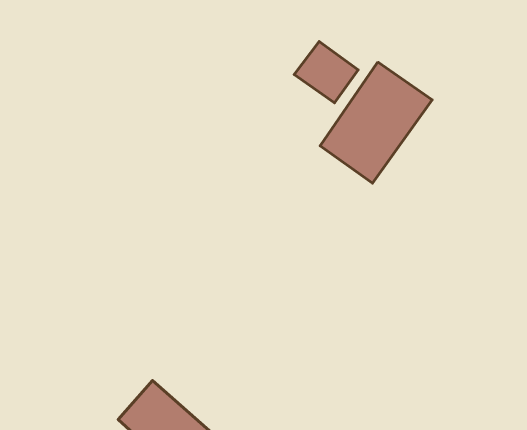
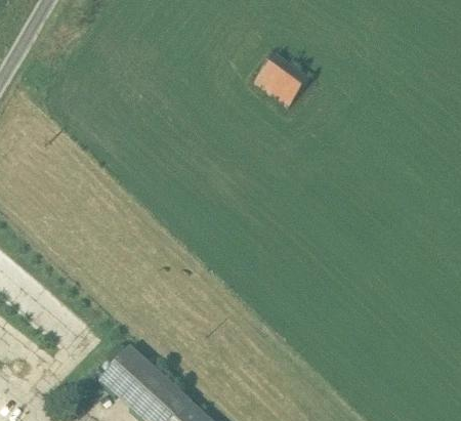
building: [320,62,432,183] -> none

